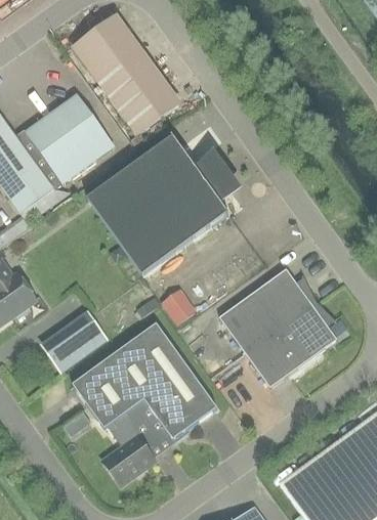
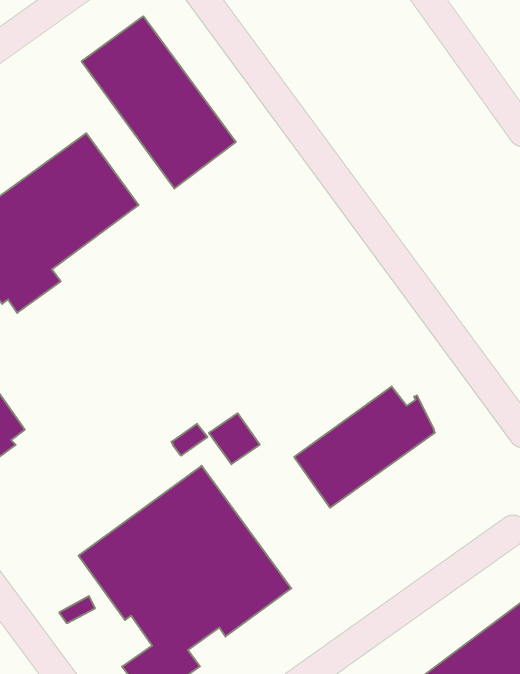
building: [86,134,229,274] -> none
building: [242,300,337,387] -> none
building: [32,306,102,373] -> none

